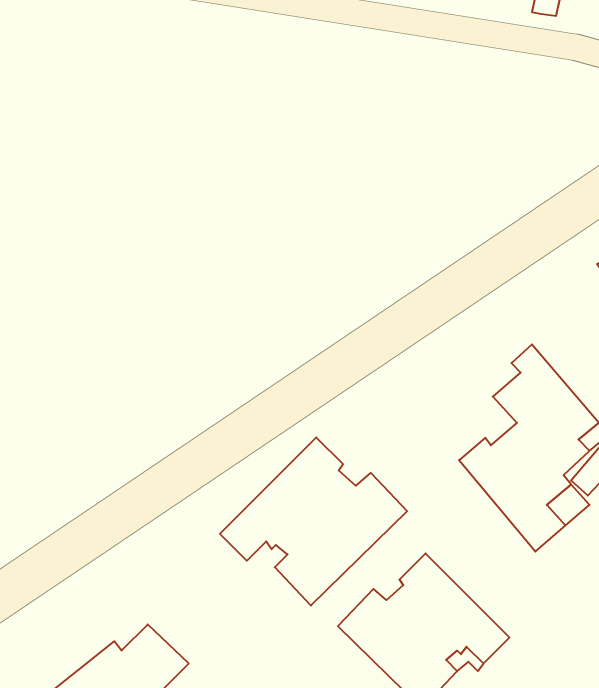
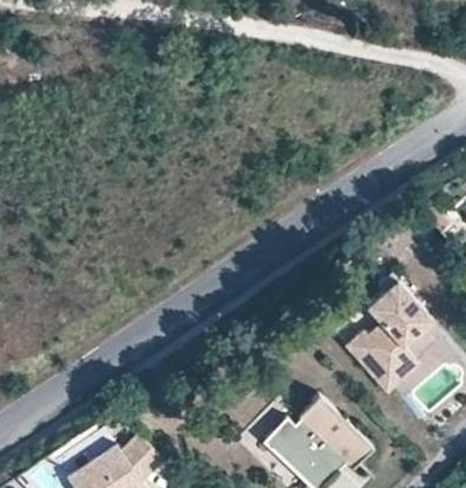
building: [220,437,407,606] -> none

